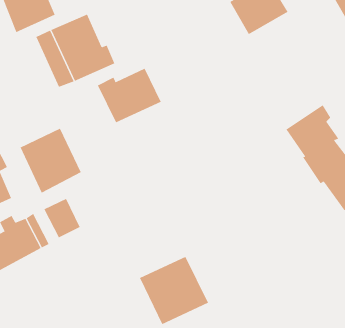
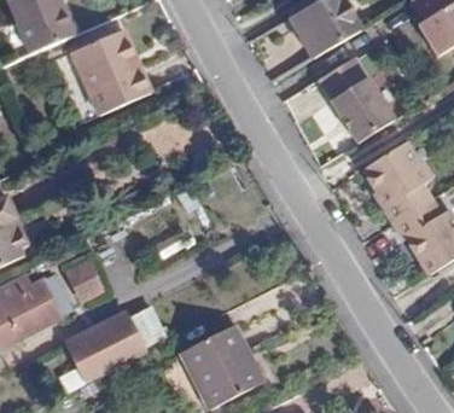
building: none -> [321,53,401,145]
building: [97,68,161,123] -> none
building: [20,128,81,194] -> none
building: none -> [68,315,146,383]

